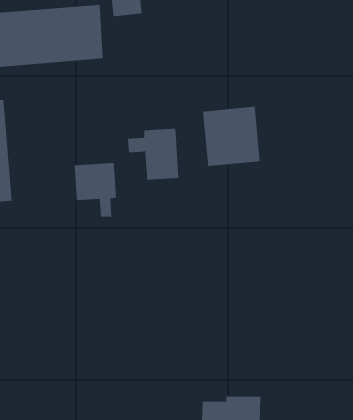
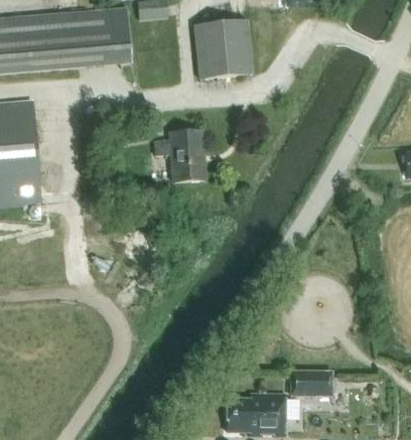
building: [202,106,261,167] -> [193,18,251,78]
building: [74,162,117,218] -> none
building: none -> [289,370,332,397]

